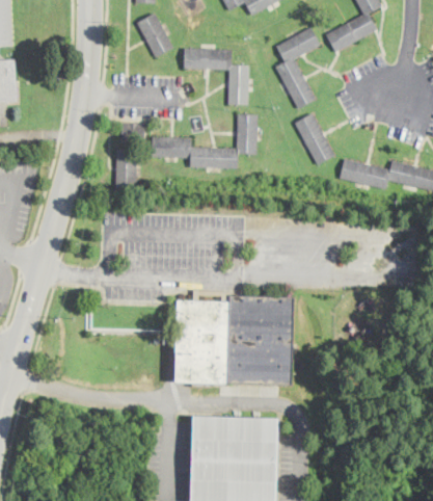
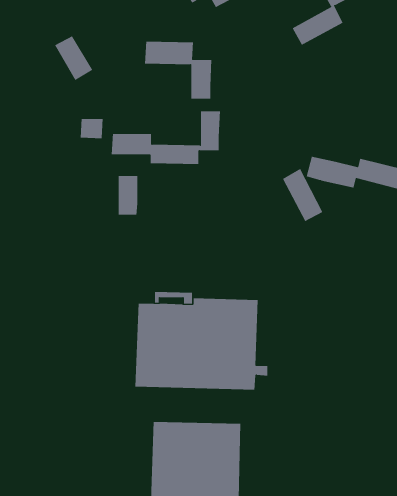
building: [137,14,174,57] -> [54,36,93,81]
building: [276,27,320,109] -> none
building: [295,113,334,165] -> [282,168,323,222]
building: [116,151,136,189] -> [118,175,138,215]

